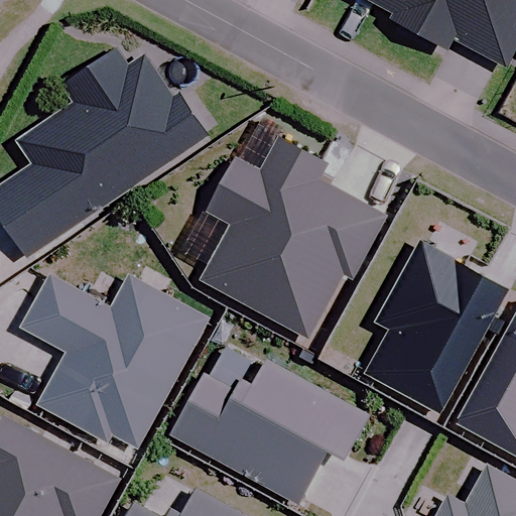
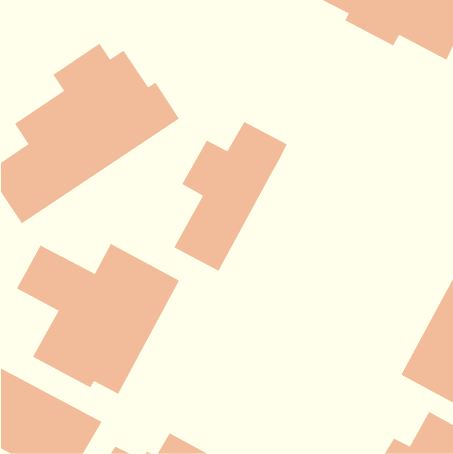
building: [250,181,384,339] -> none
building: [366,242,506,412] -> none
building: [170,360,366,501] -> none

